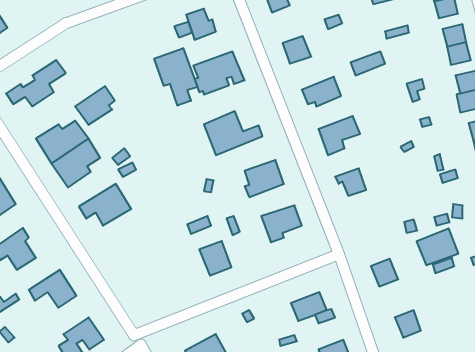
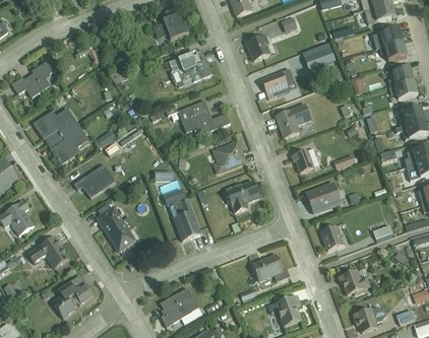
building: [154,48,197,106] -> none
building: [75,86,115,125] -> none
building: [417,228,458,265] -> [306,182,342,213]
building: none -> [97,206,135,251]

